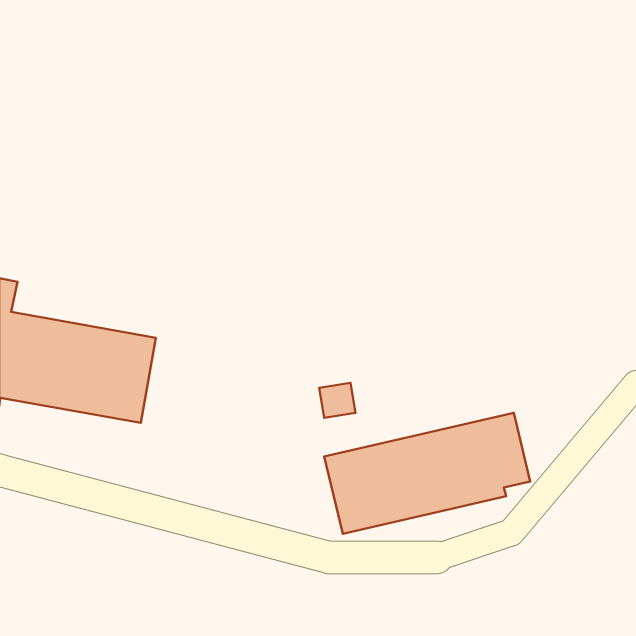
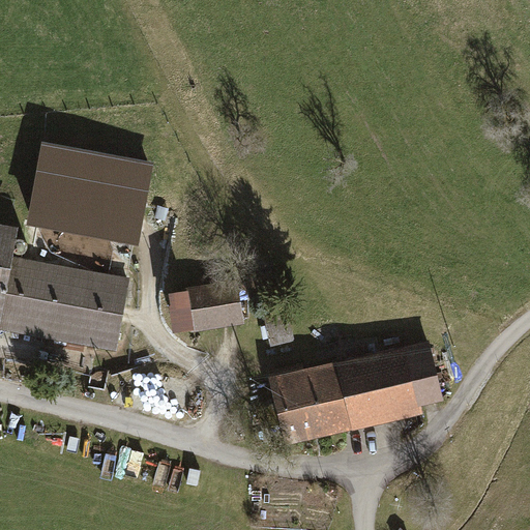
building: none -> [28,140,153,242]
building: none -> [163,279,242,334]

